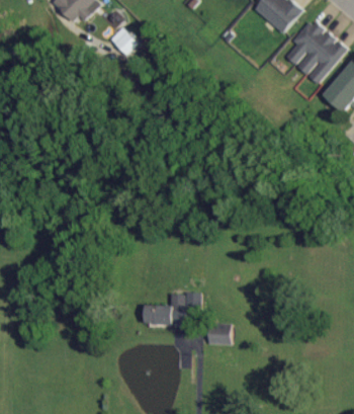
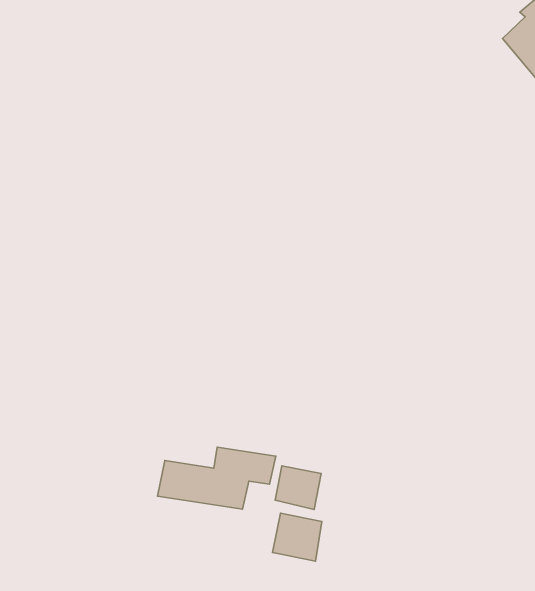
building: none -> [275,466,321,509]

